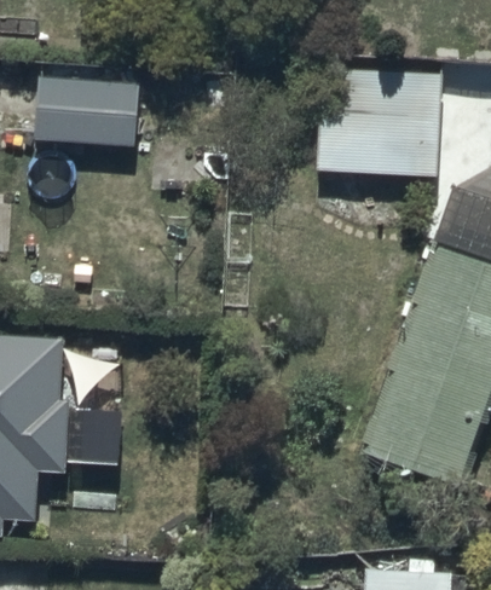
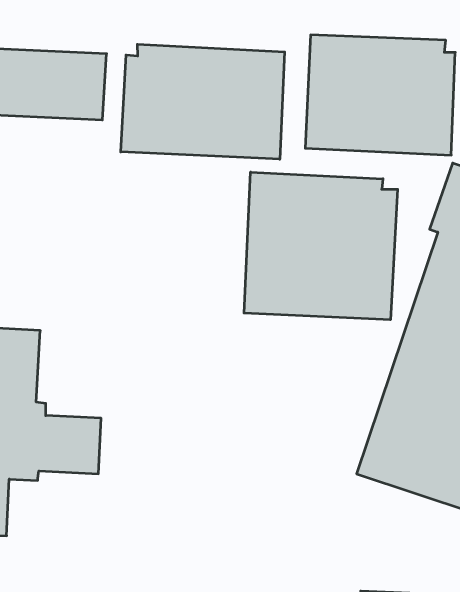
building: none -> [121,44,285,159]
building: none -> [244,172,398,320]

